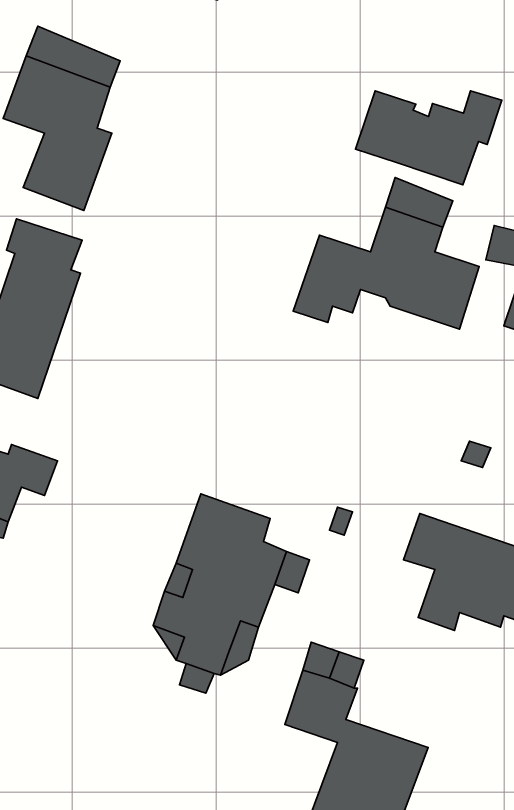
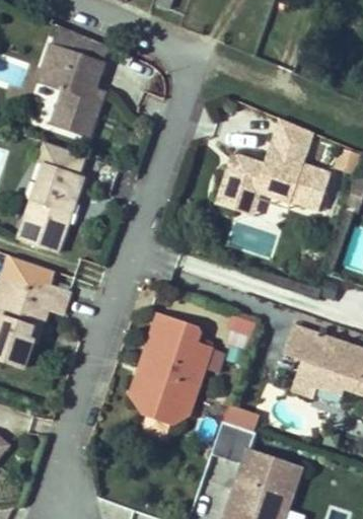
building: [356,91,502,185] -> none

